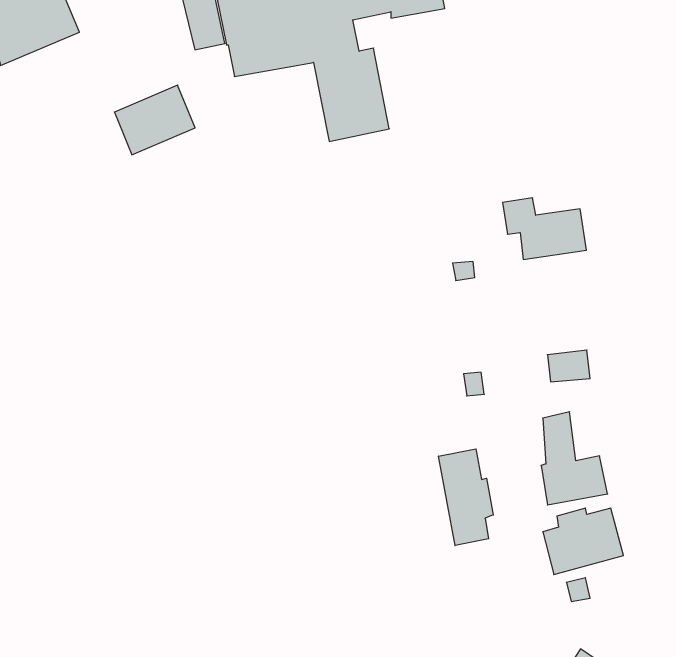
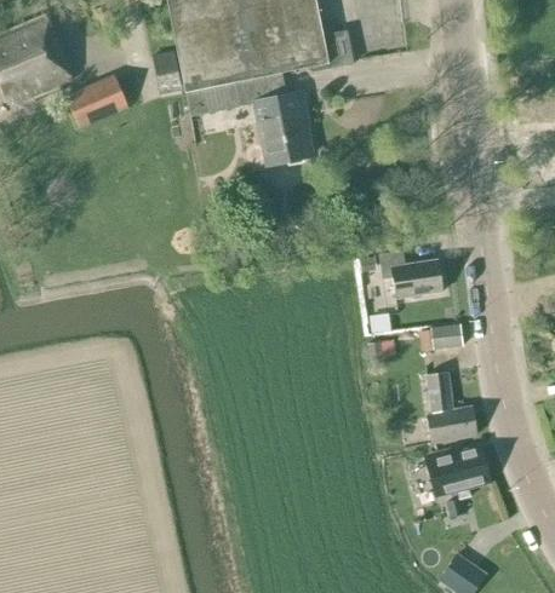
building: [114,85,195,155] -> [65,76,127,129]
building: [503,198,586,259] -> [379,251,444,298]
building: [439,449,493,546] -> none

